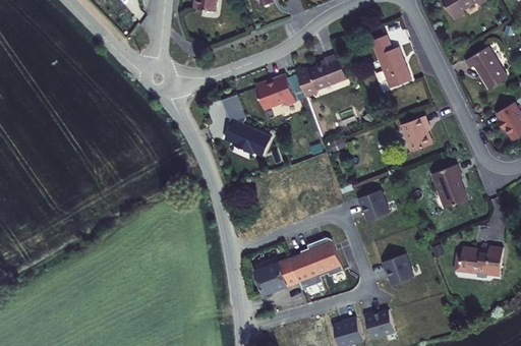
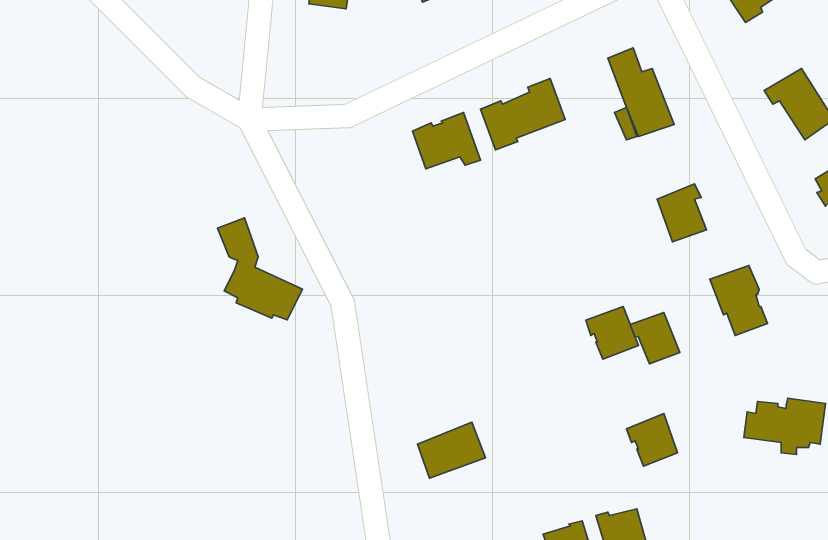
building: [222,95,273,156] -> [217,218,302,320]
building: none -> [630,313,680,364]
building: [291,237,344,289] -> none

